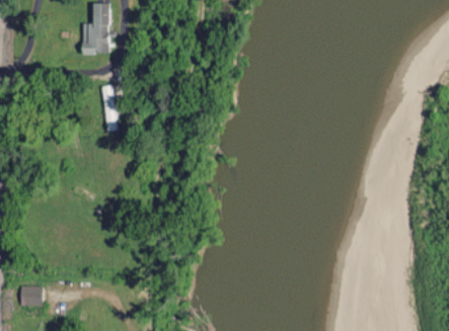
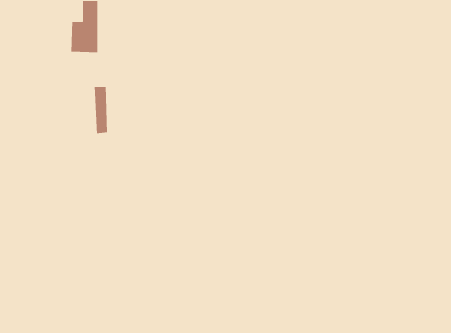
building: [20,285,43,305] -> none

